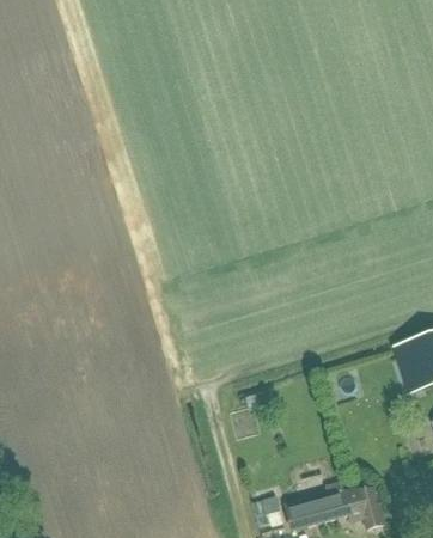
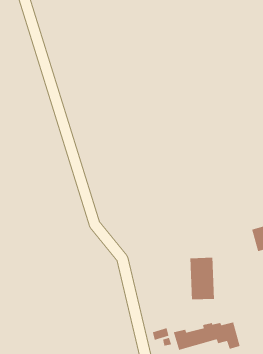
building: none -> [190,257,215,300]

